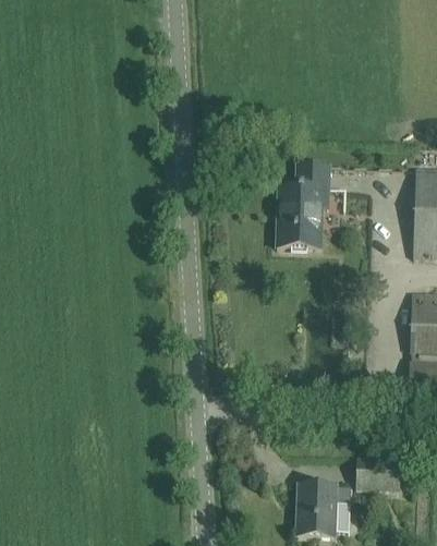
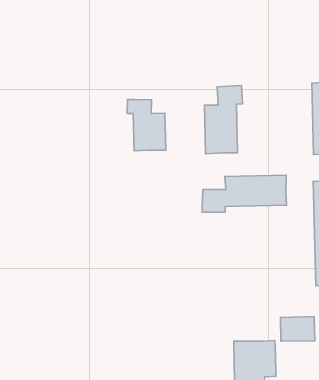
building: none -> [127,100,166,151]
building: none -> [202,175,287,212]

